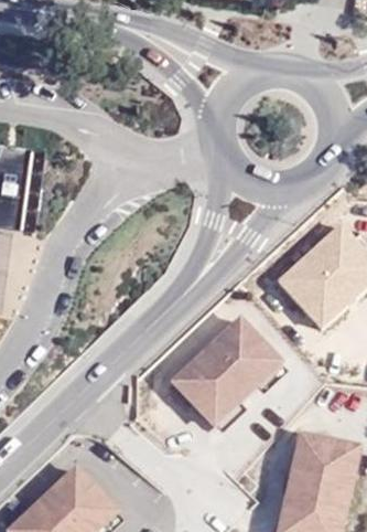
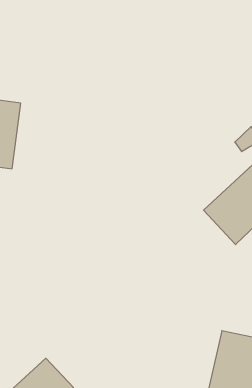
building: [173,327,279,432] -> none

